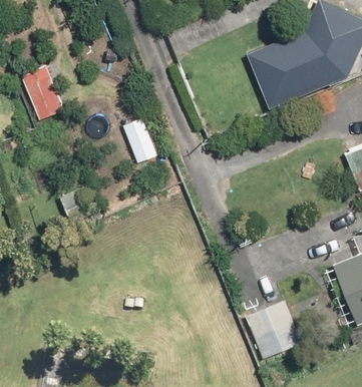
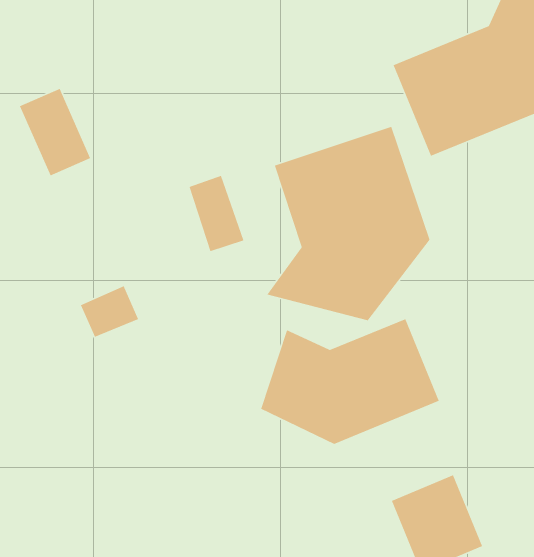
building: none -> [266,126,430,321]
building: none -> [260,318,440,445]

